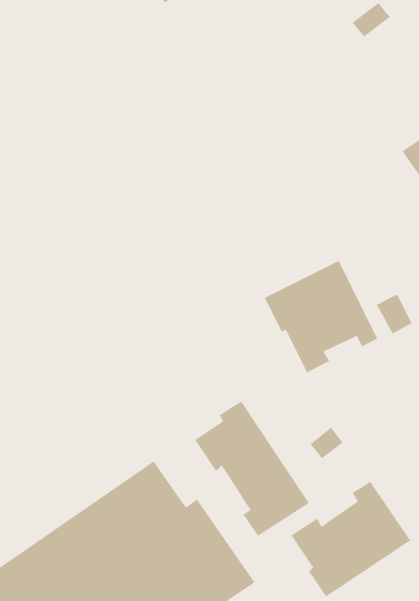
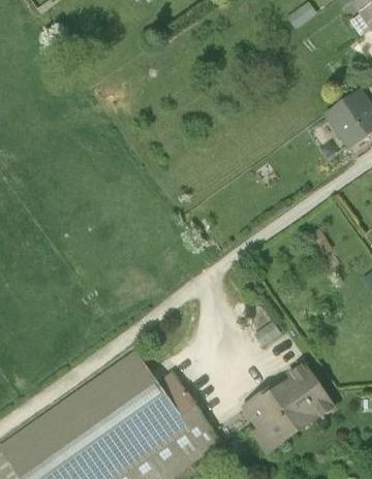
building: [264,260,378,374] -> none
building: [194,401,310,537] -> none

